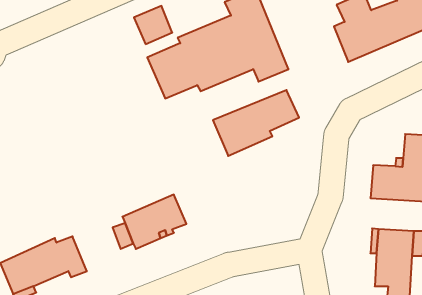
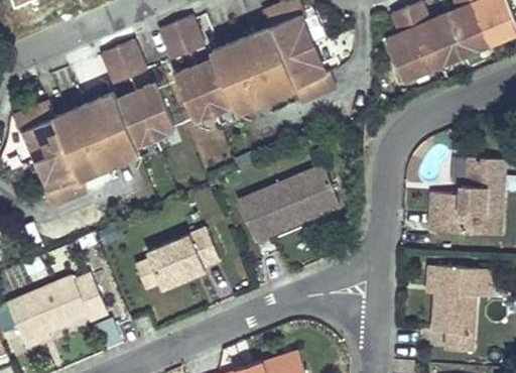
building: none -> [102,39,145,83]
building: none -> [13,82,174,207]
building: [213,90,299,156] -> [239,168,337,243]

